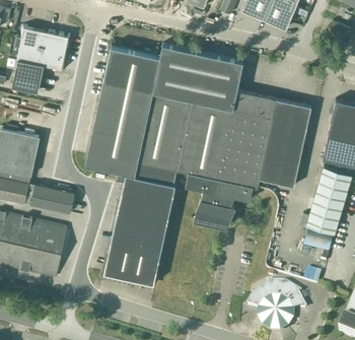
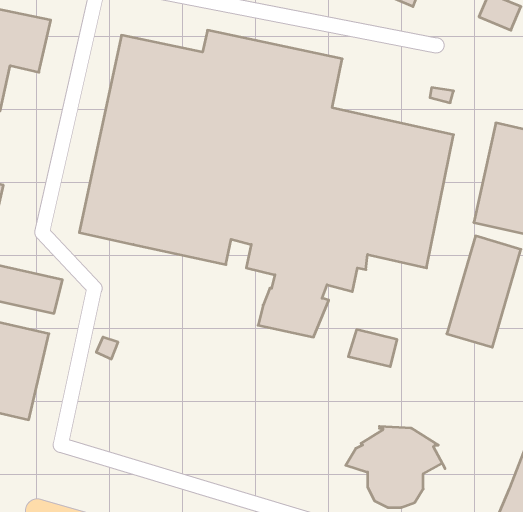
building: [103,173,175,283] -> none
building: [303,228,333,251] -> [348,330,397,367]

